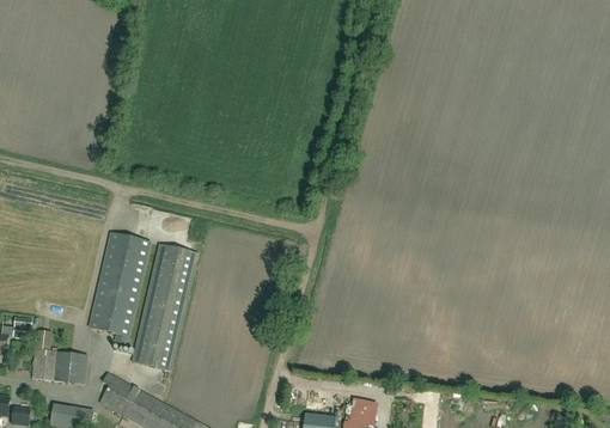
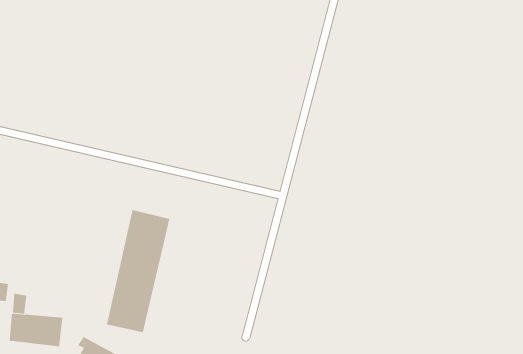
building: [89,232,150,343] -> none

